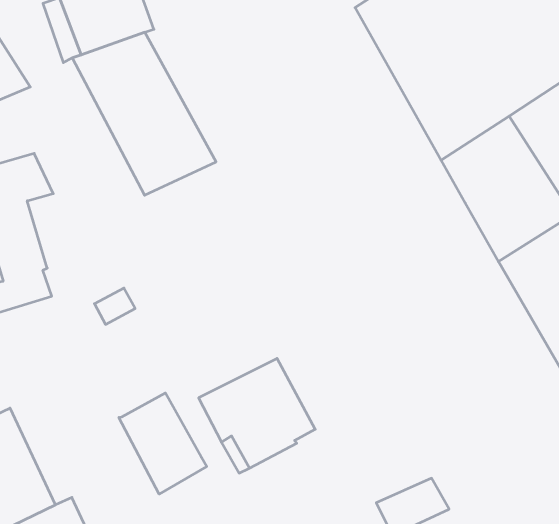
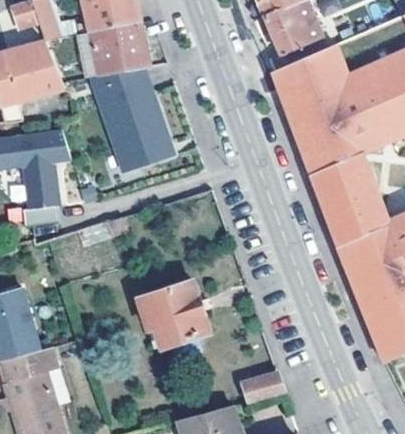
building: [119,393,207,494] -> none

